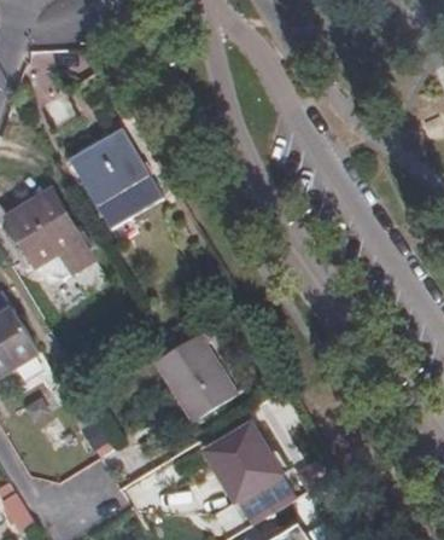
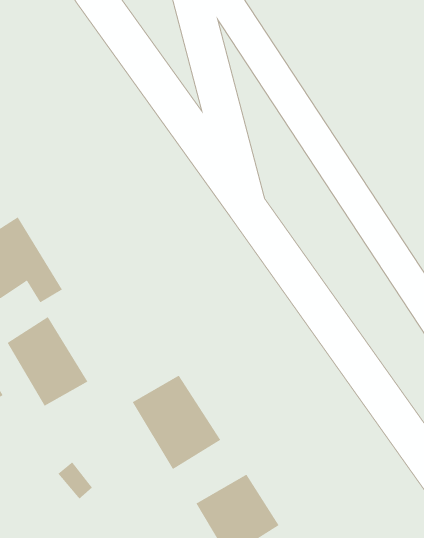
building: [70,94,163,232] -> none
building: none -> [7,316,88,406]

